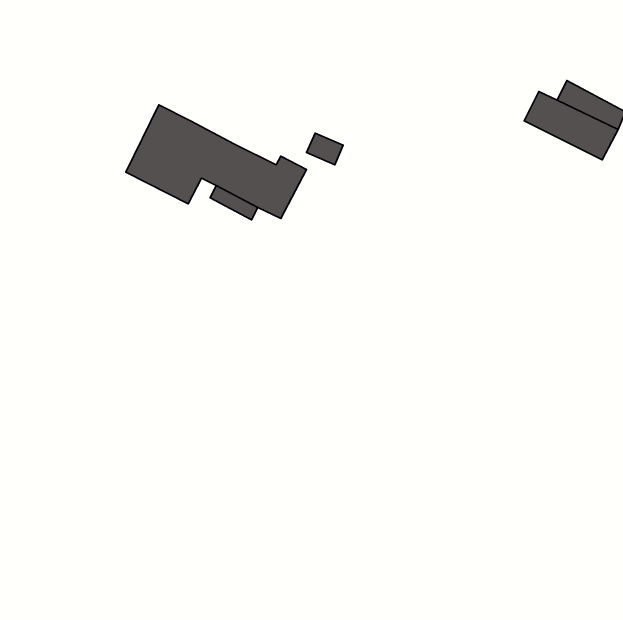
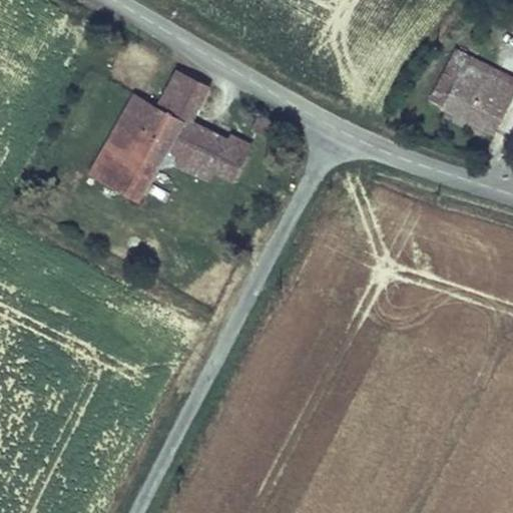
building: none -> [157,67,211,121]
building: none -> [89,144,155,199]

